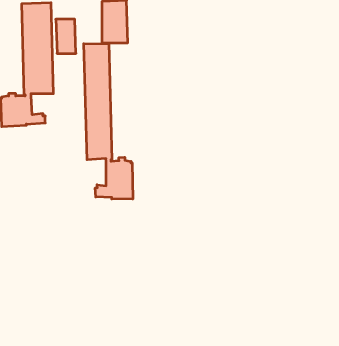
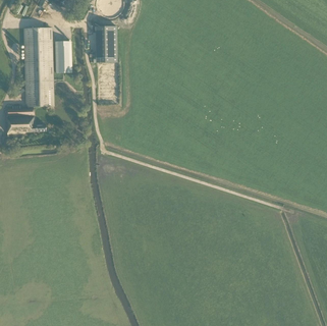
building: [84,44,133,199] -> none

